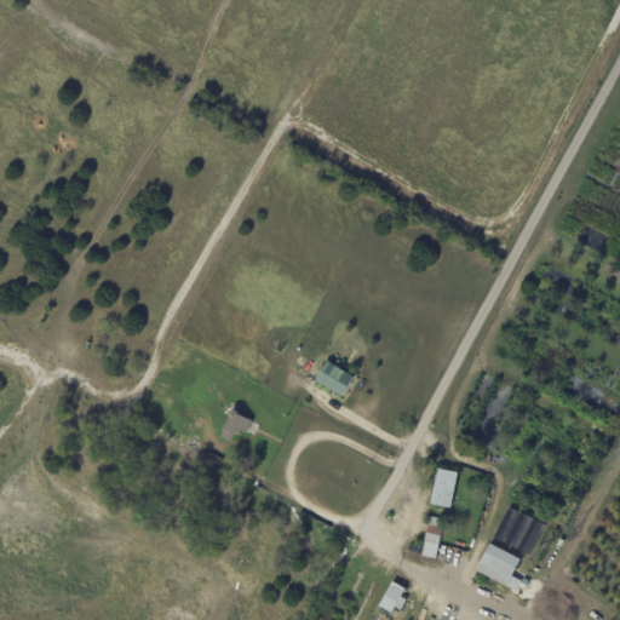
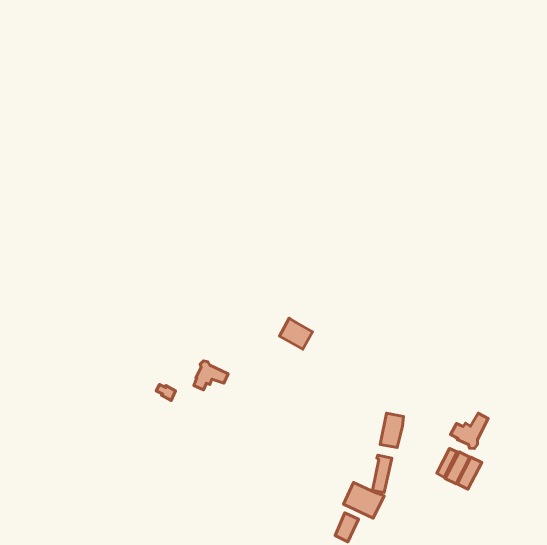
building: none -> [451,413,488,449]
building: [476,542,519,586] -> none
building: none -> [343,483,384,518]

